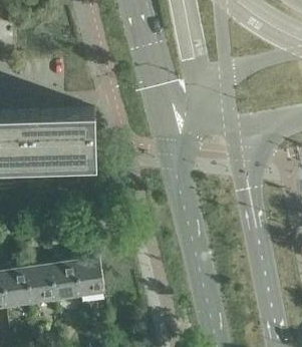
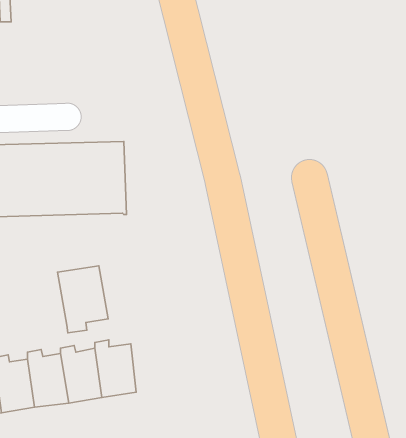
building: none -> [58,266,108,333]

